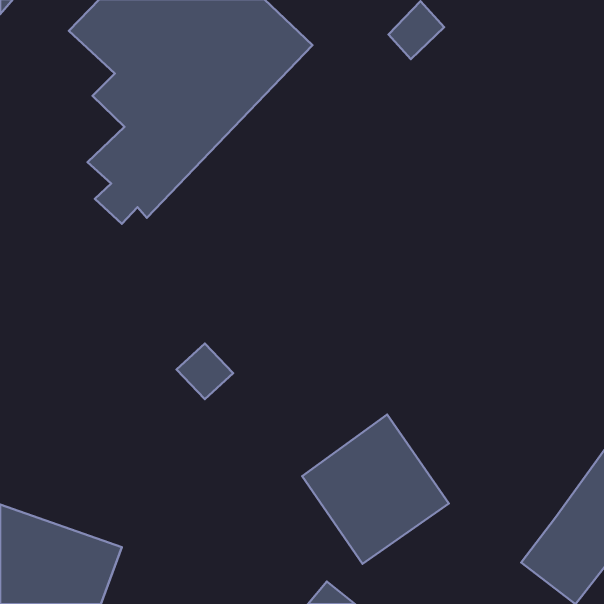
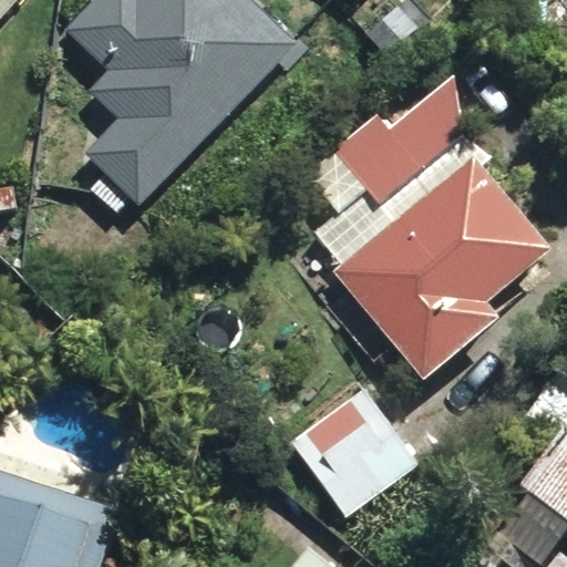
building: none -> [336,78,462,203]
building: none -> [334,155,551,379]

